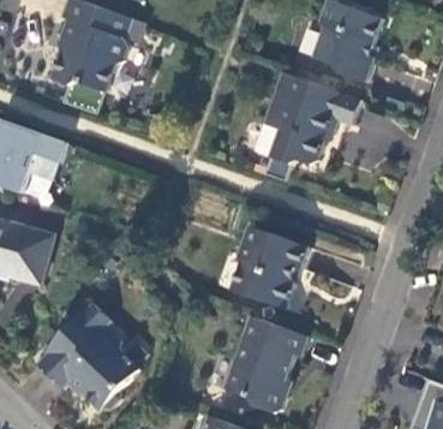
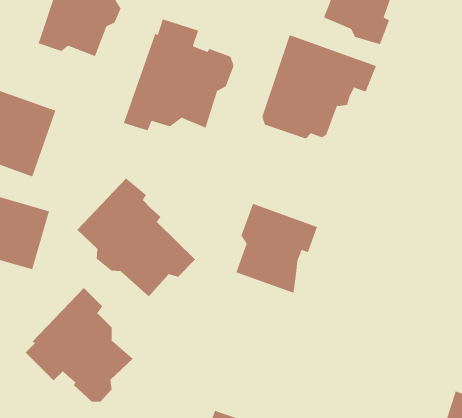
building: none -> [123,19,234,131]
building: none -> [76,177,196,297]
building: [225,315,306,411] -> none

